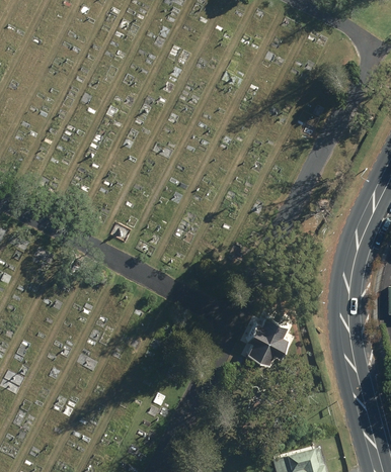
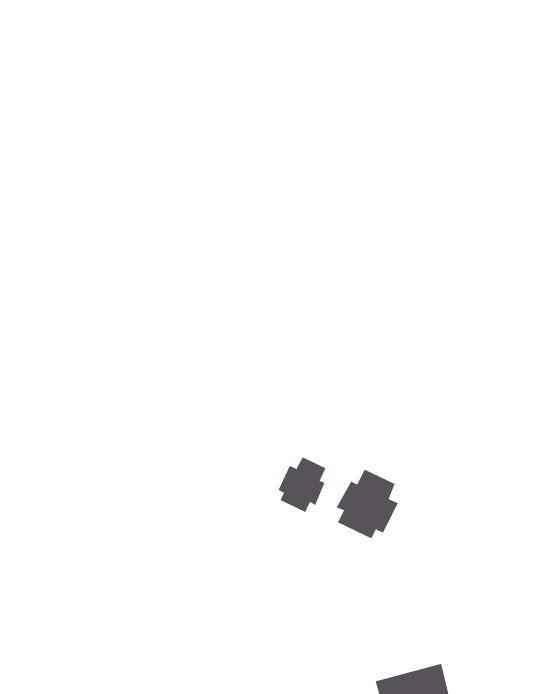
building: none -> [278,457,326,513]

